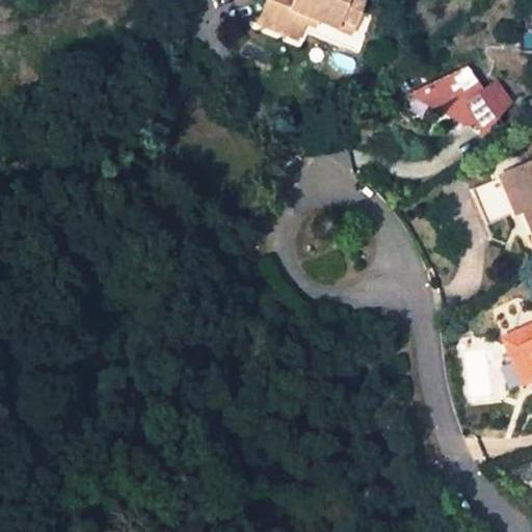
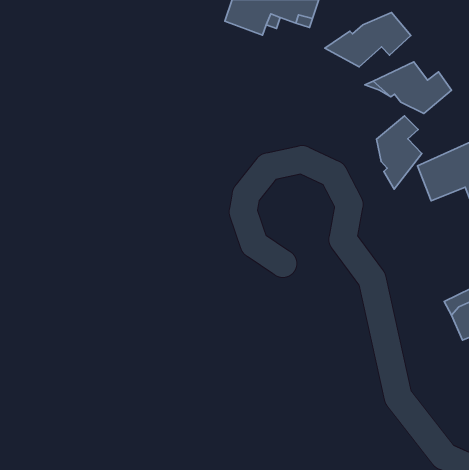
building: none -> [325,12,411,67]
building: none -> [376,116,422,189]

